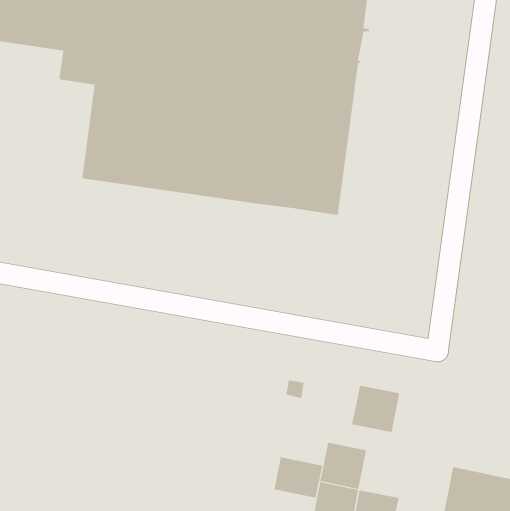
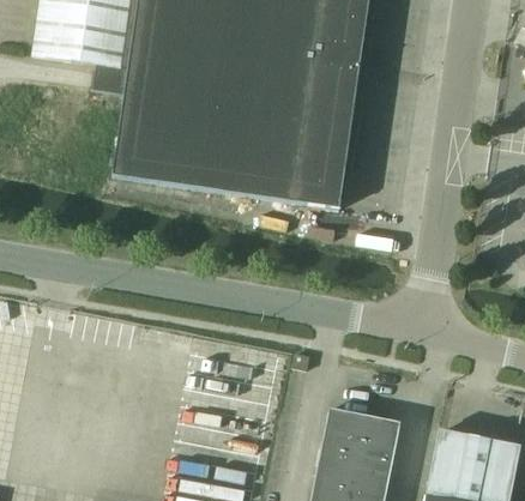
building: [351,385,400,433] -> [357,417,400,459]
building: [274,456,323,498] -> none

